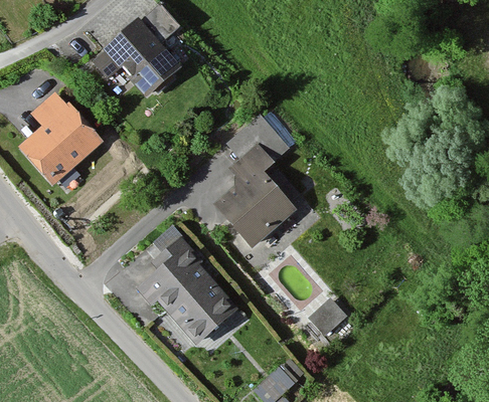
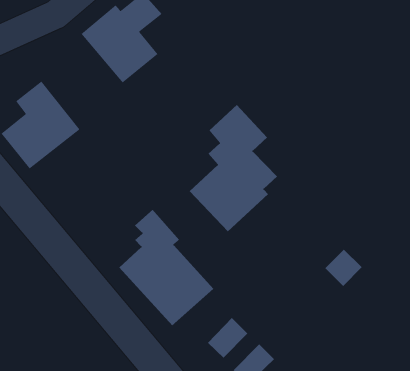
building: [312,297,351,337] -> [324,249,363,287]
building: none -> [207,317,248,358]

